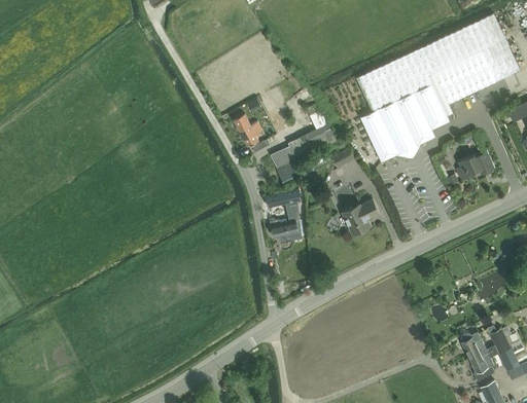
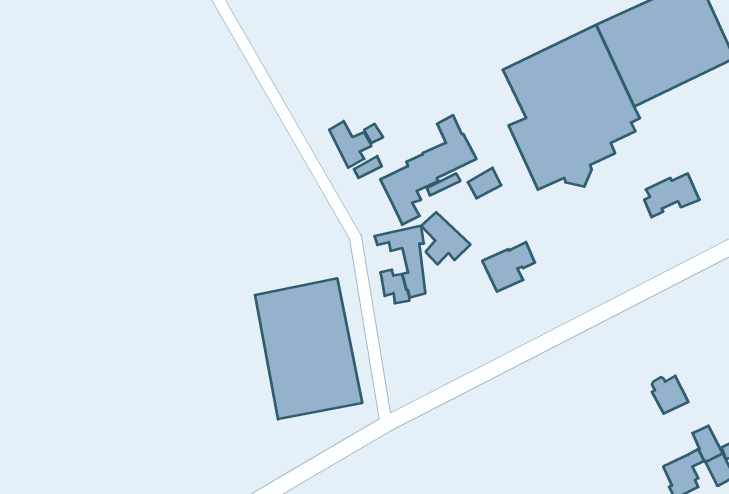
building: none -> [421,212,470,264]
building: none -> [255,278,362,419]
building: [461,331,487,358] -> [652,376,688,414]

